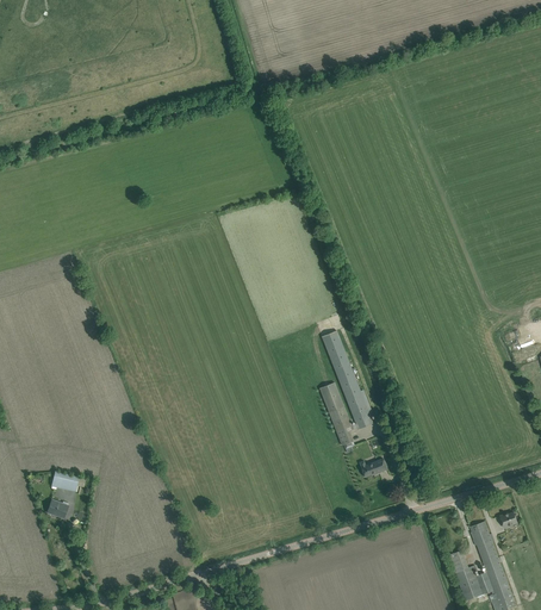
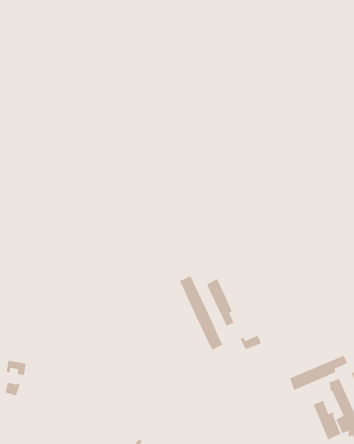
building: [322,331,374,430] -> [179,276,223,350]
building: none -> [290,355,348,391]

